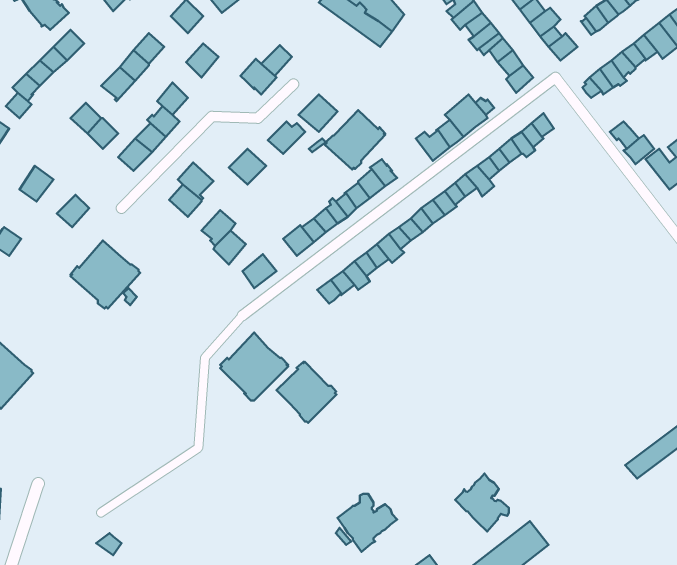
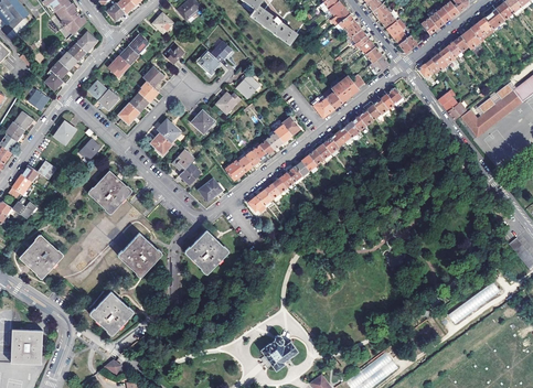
building: [325,110,385,170] -> none
building: none -> [118,231,162,276]
building: [277,362,336,423] -> none
building: none -> [88,291,132,335]
building: [455,474,509,531] -> none

